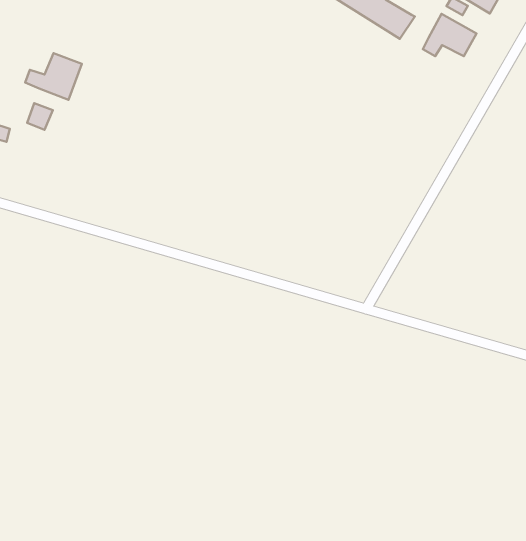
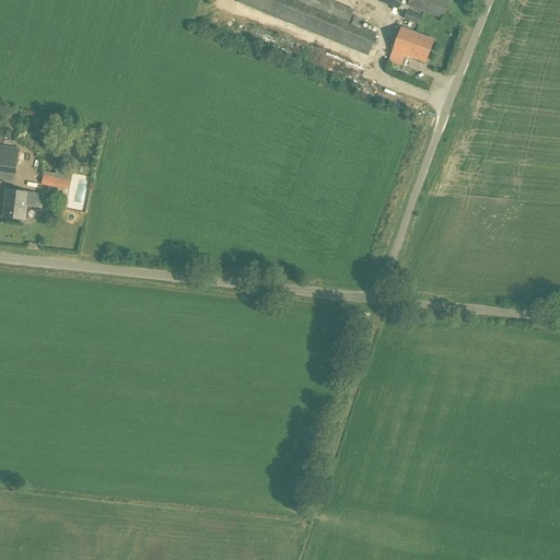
building: [25,53,82,100] -> none

